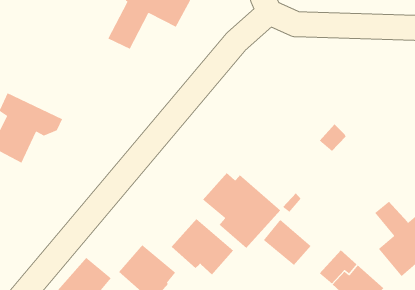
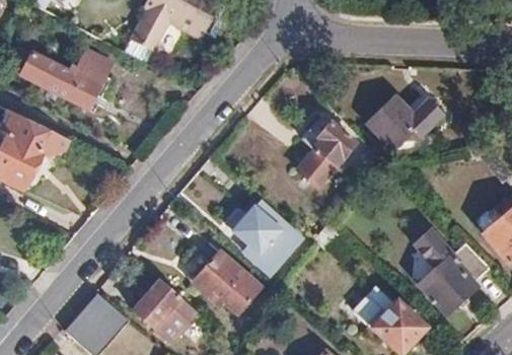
building: none -> [7,45,112,109]
building: none -> [370,90,441,145]
building: none -> [297,116,356,187]
building: [263,219,311,266] -> none

